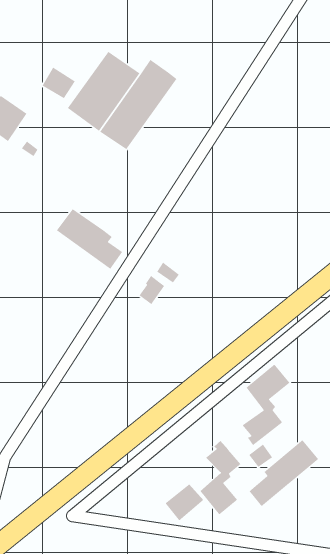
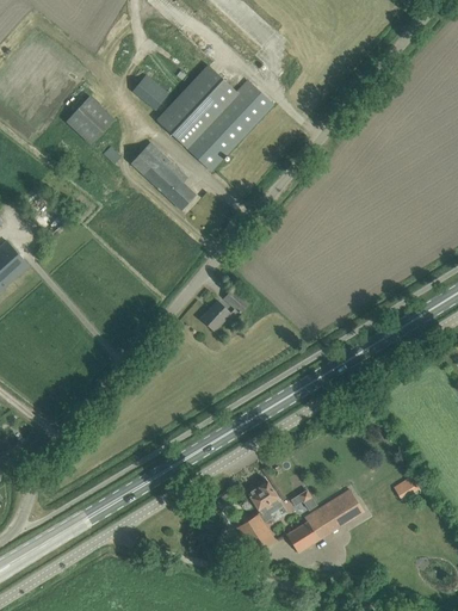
building: [56,208,123,270] -> [130,143,196,211]
building: [242,364,291,446] -> none
building: [164,483,204,521] -> none

